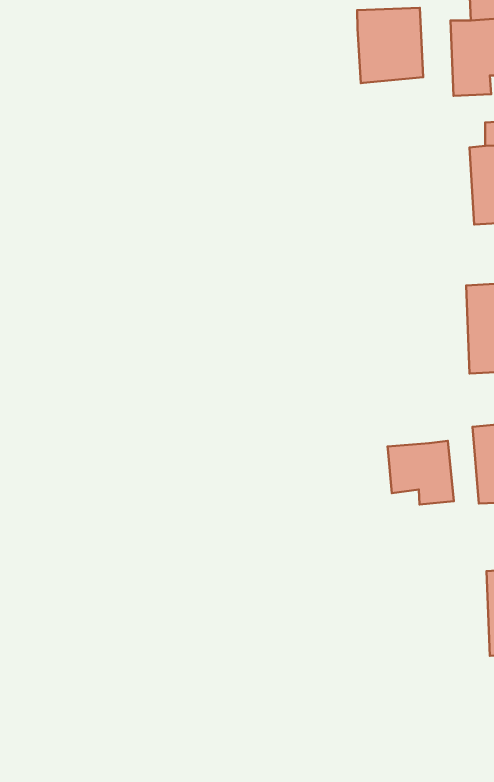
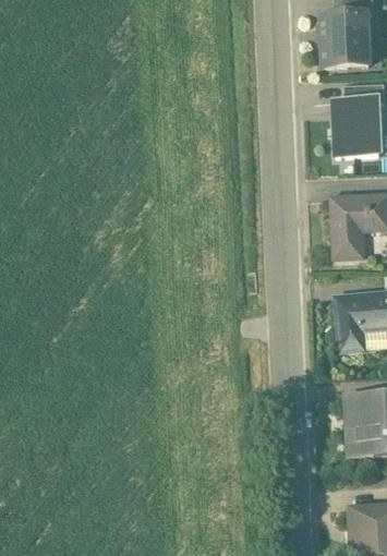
building: [357,8,423,83] -> none
building: [388,441,454,505] -> none

